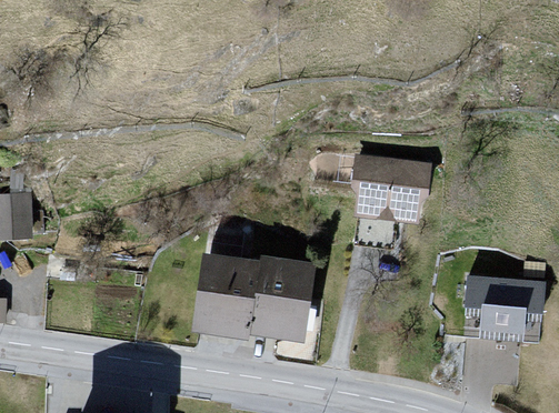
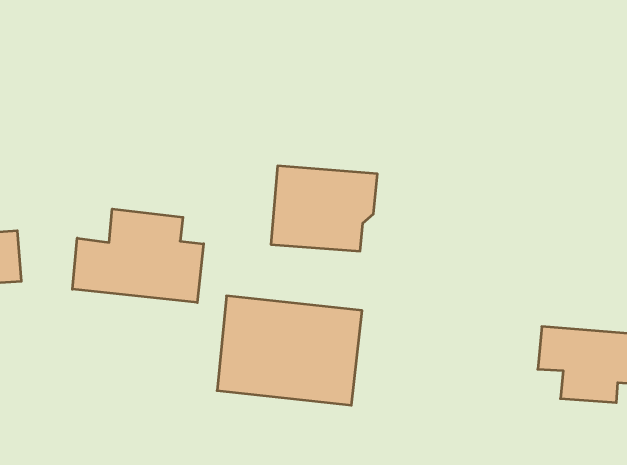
building: [347,154,436,225] -> [271,166,377,251]
building: none -> [72,209,204,303]

